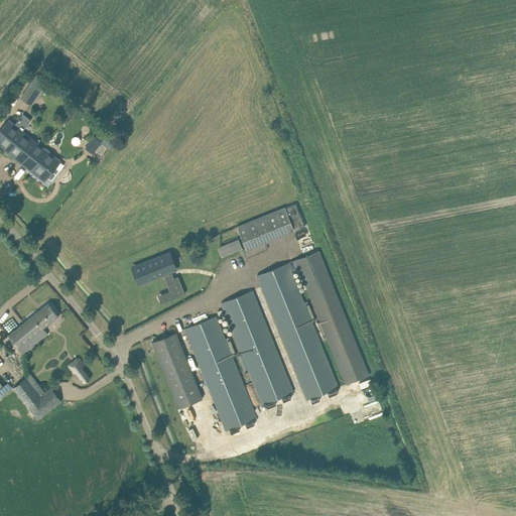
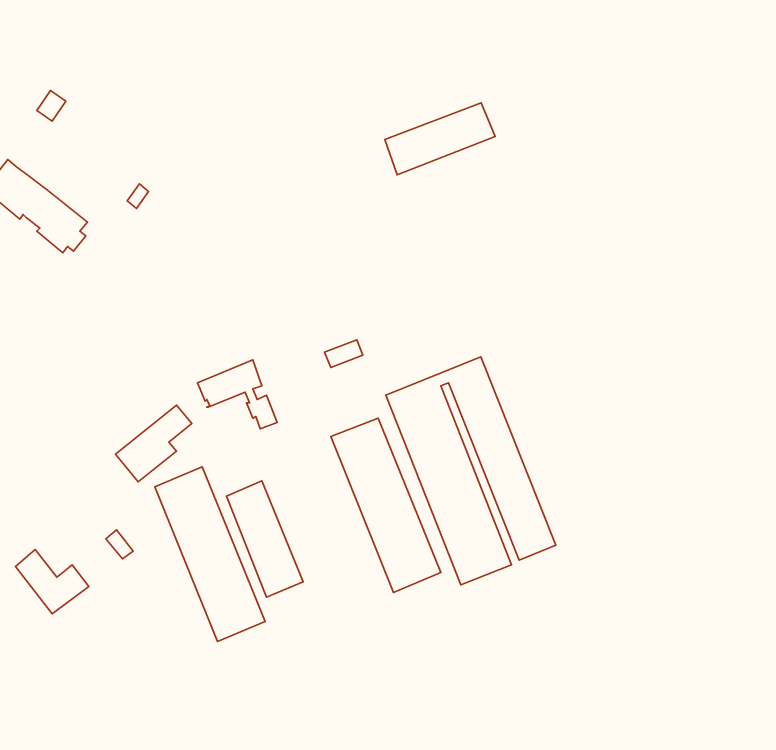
building: [237,202,309,249] -> [385,103,495,175]
building: [7,303,57,354] -> [115,405,192,482]
building: [183,315,256,430] -> [155,467,265,641]

